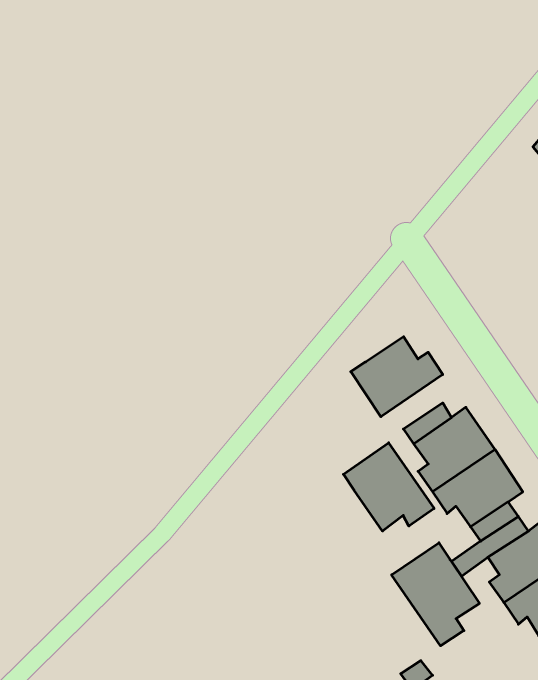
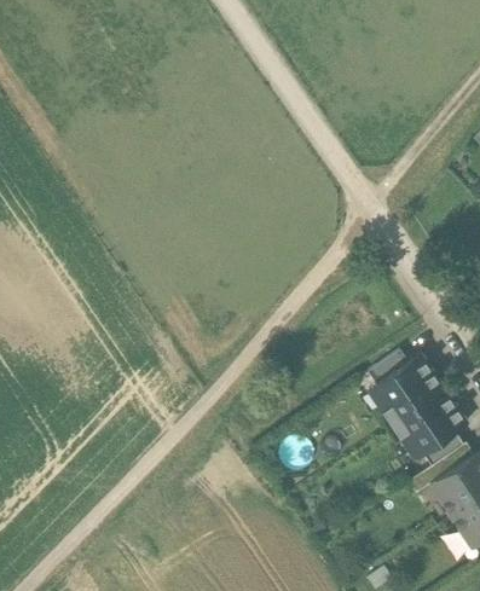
building: [351,337,443,417] -> none
building: [343,443,434,531] -> none
building: [392,543,479,646] -> none

